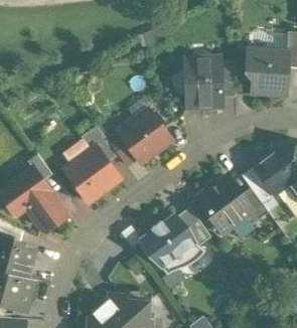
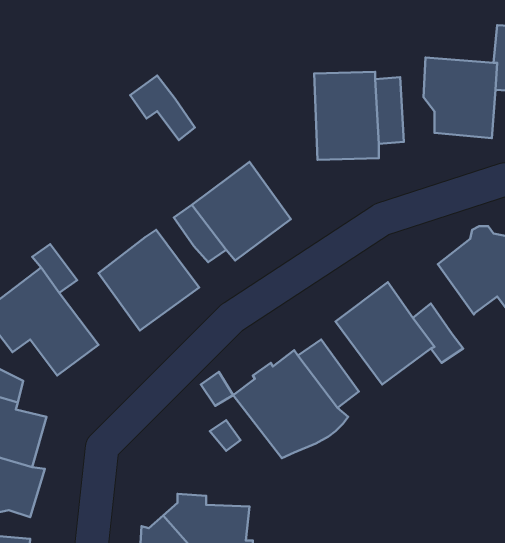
building: [82,127,118,163] -> [130,75,195,140]
building: [242,166,277,205] -> none

